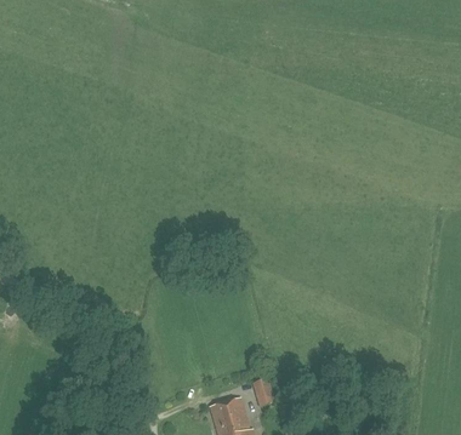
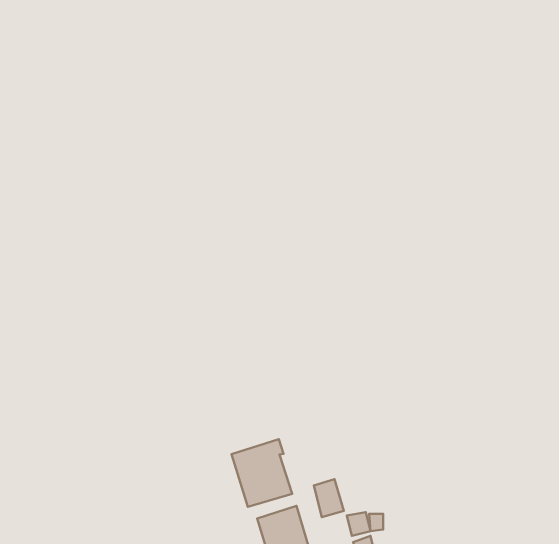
building: none -> [232,439,292,507]

